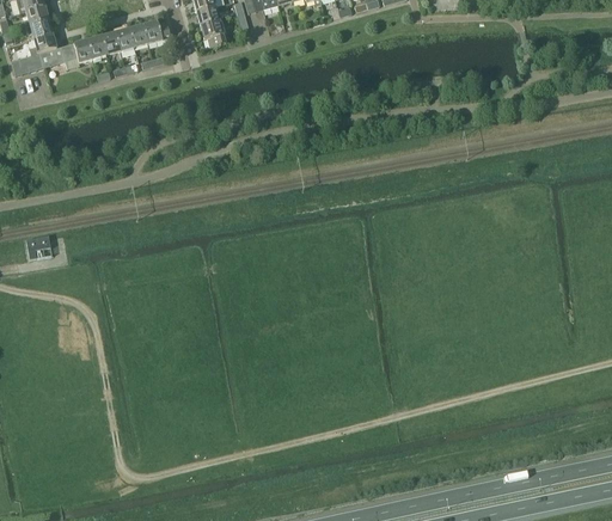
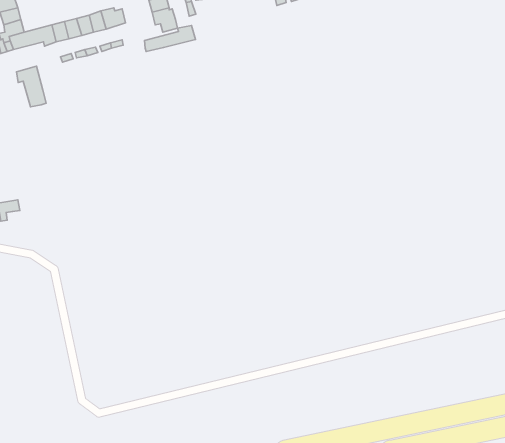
building: none -> [144,25,196,51]
building: none -> [16,66,46,107]

